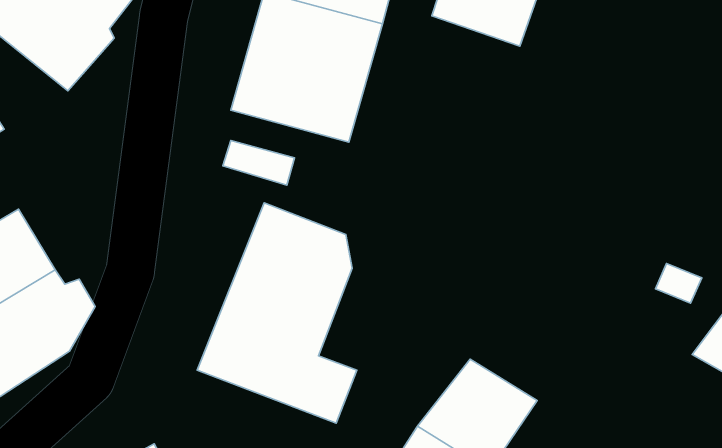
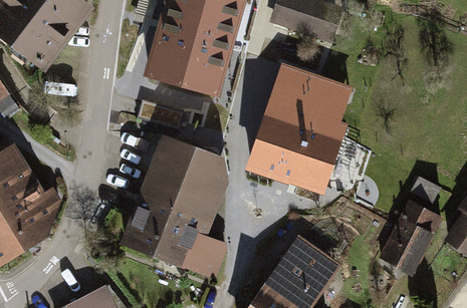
building: none -> [247,68,352,199]
building: none -> [384,198,441,269]

